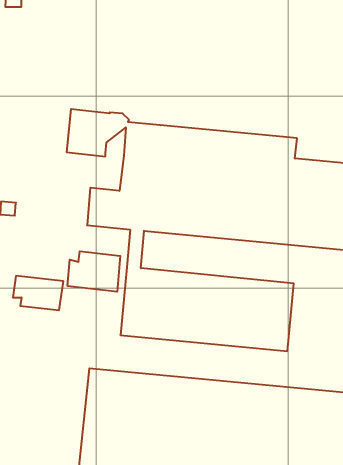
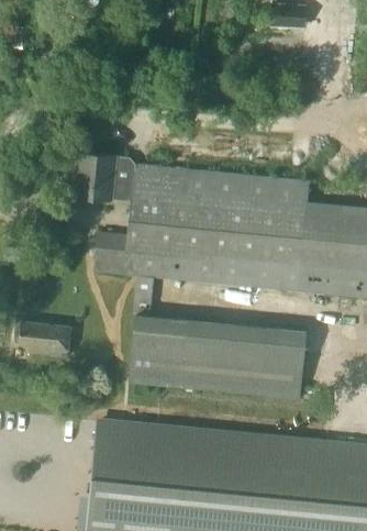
building: [68,251,120,292] -> none

